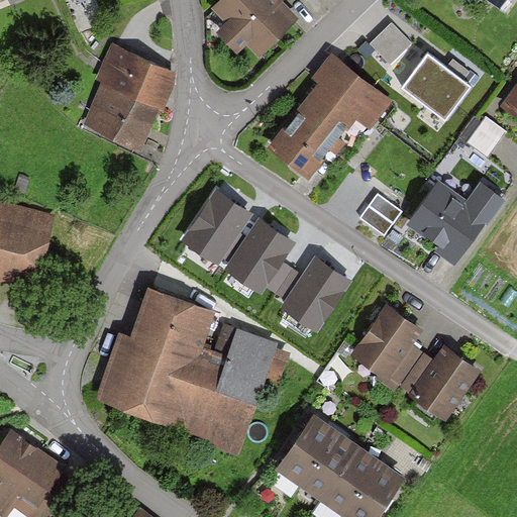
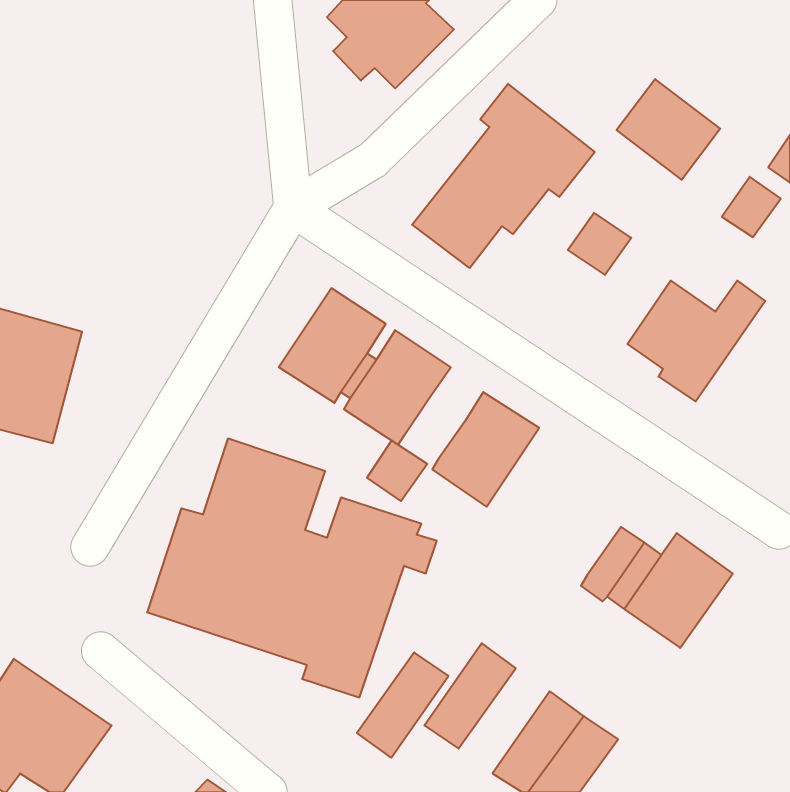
building: [370,21,411,64] -> none
building: [83,44,174,146] -> none
building: [359,193,401,233] -> [568,213,631,275]
building: [264,260,303,299] -> [367,441,427,501]
building: [352,308,414,375] -> none
building: [299,435,358,504] -> [357,652,448,758]

